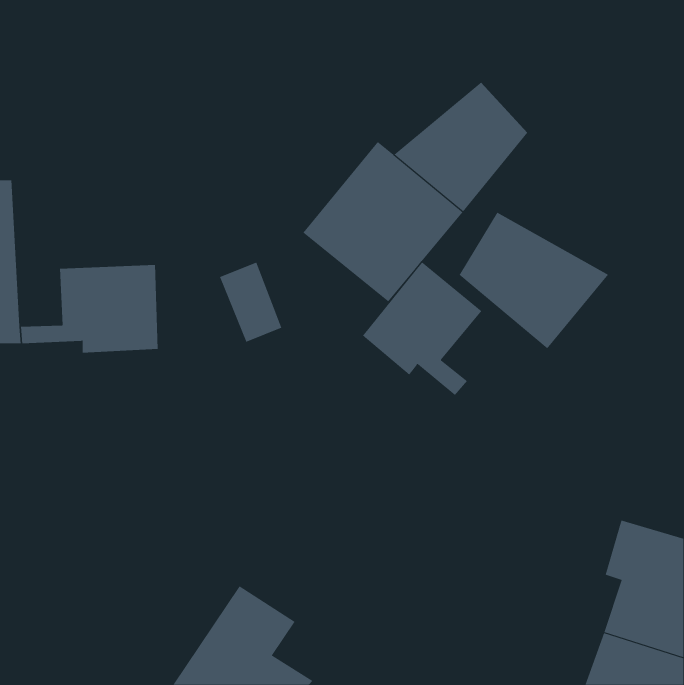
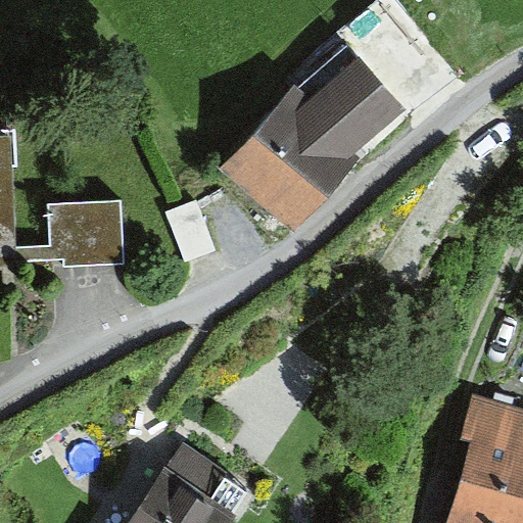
building: [459,212,609,349] -> none
building: [362,262,482,396] -> none

